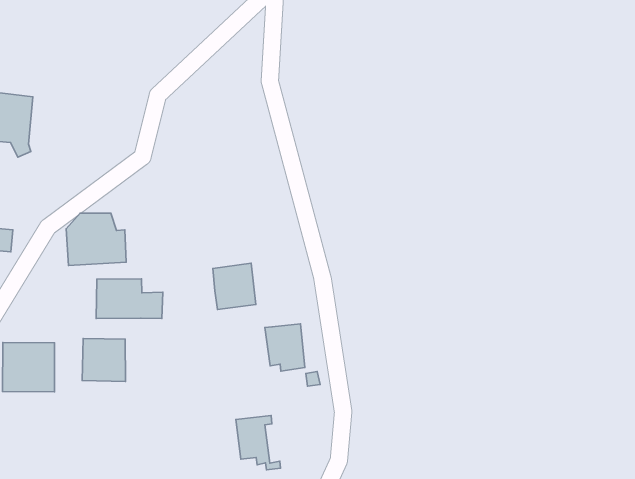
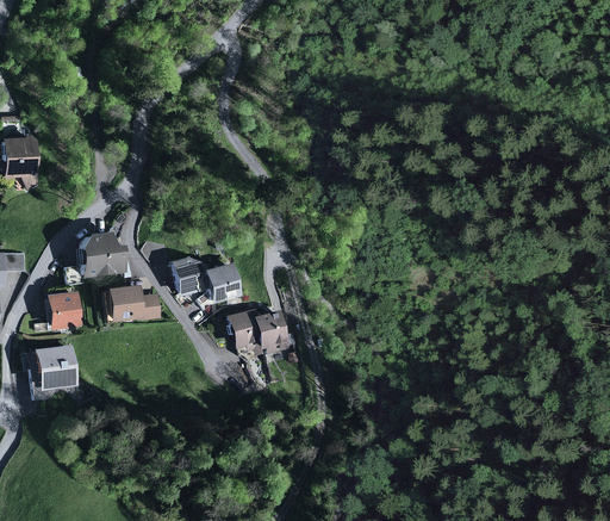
building: none -> [168,258,205,298]
building: [82,338,126,381] -> [44,291,83,329]
building: [236,415,281,470] -> [225,309,267,355]

